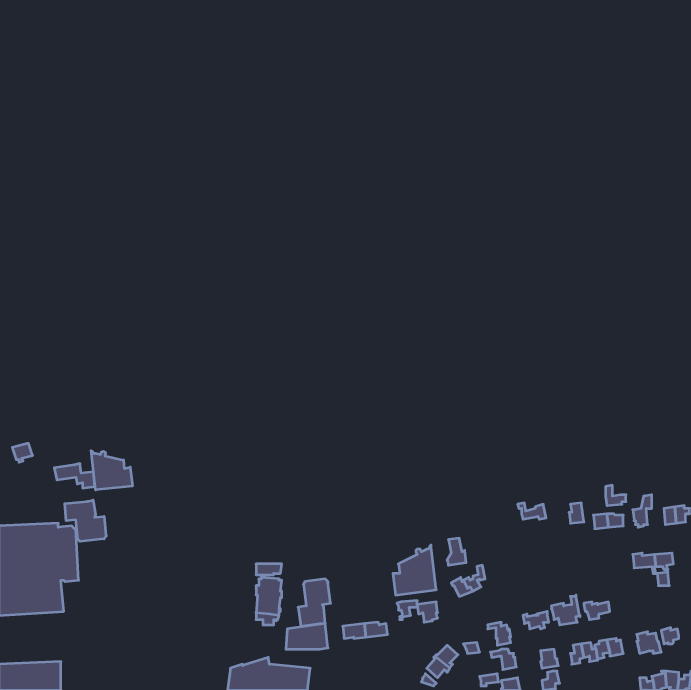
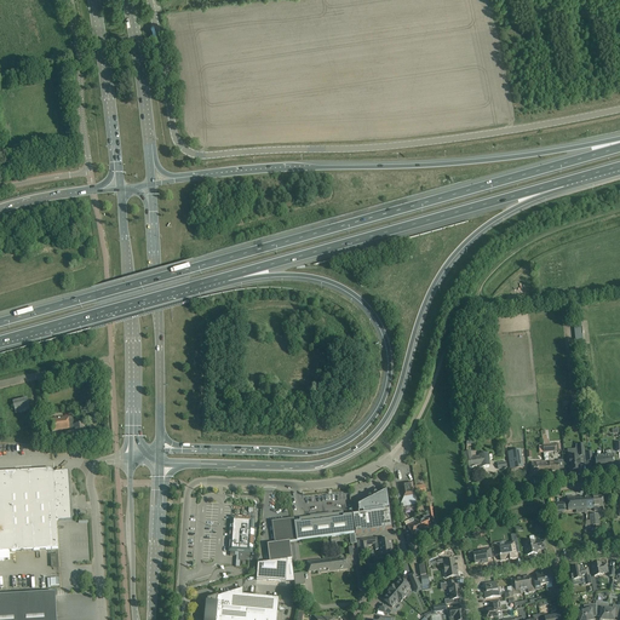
building: [91,451,132,490] -> none
building: [65,500,106,541] -> none
building: none -> [293,510,354,539]

